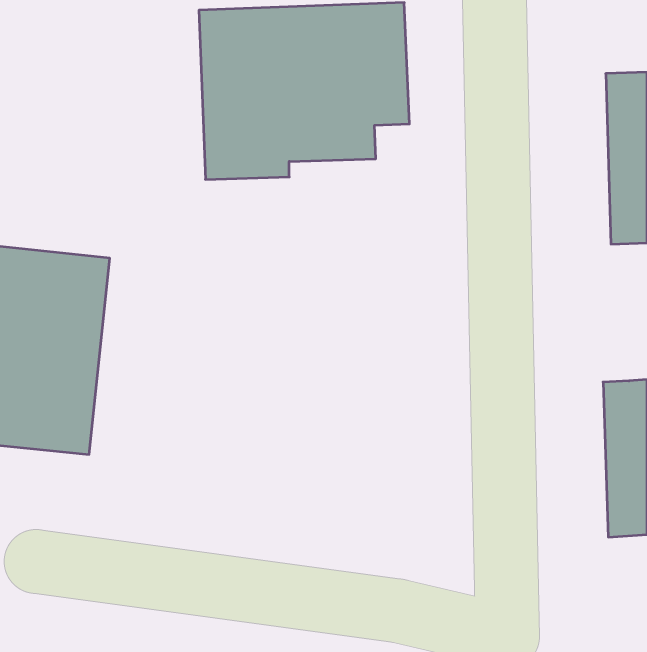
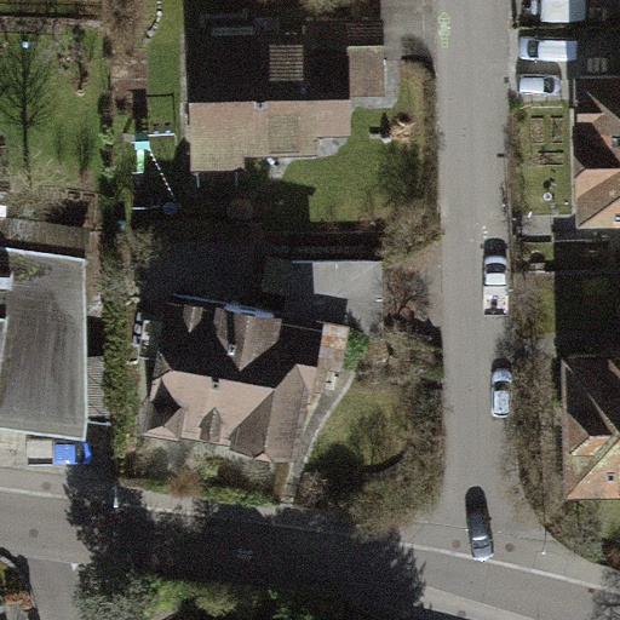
building: none -> [150,292,357,465]

